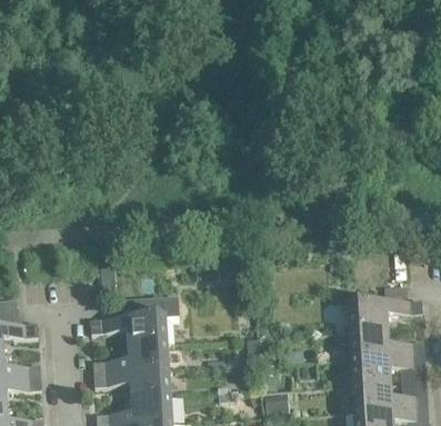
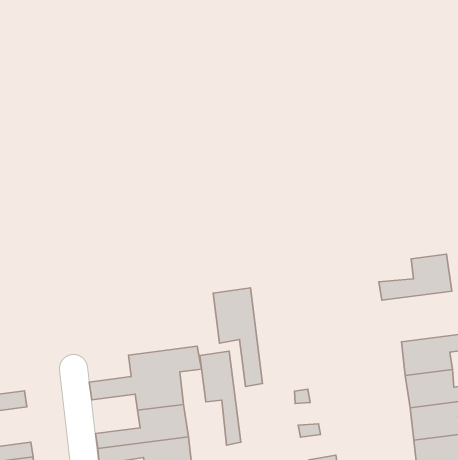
building: none -> [379,254,452,300]
building: none -> [213,288,263,386]
building: none -> [200,351,241,445]

